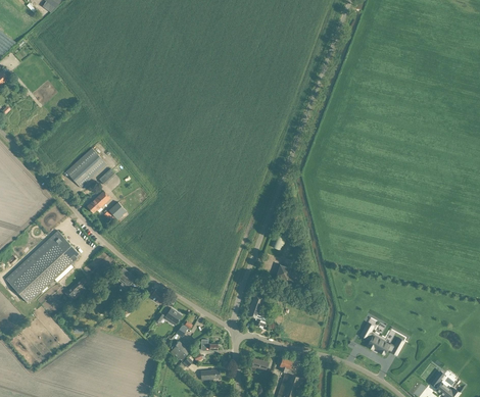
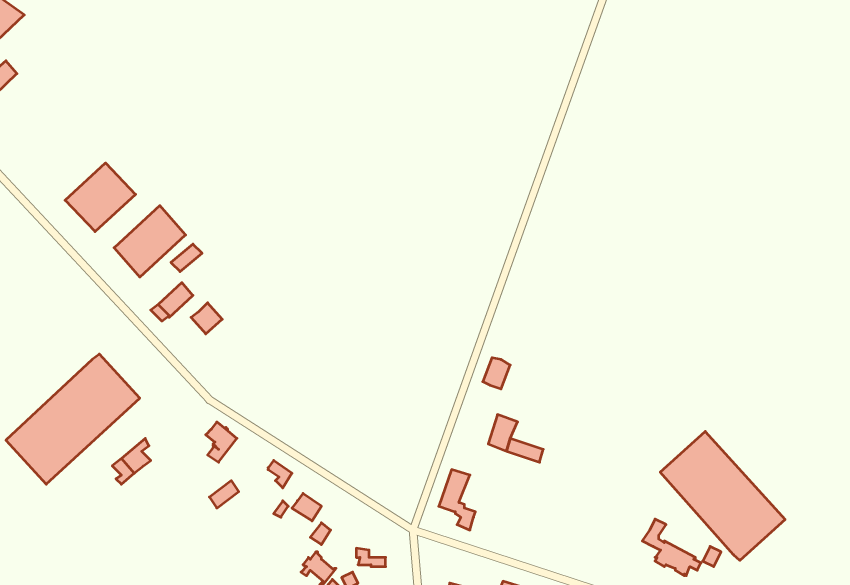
building: none -> [65,163,136,232]
building: none -> [660,431,785,560]

